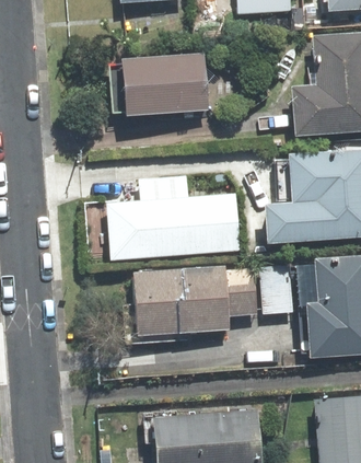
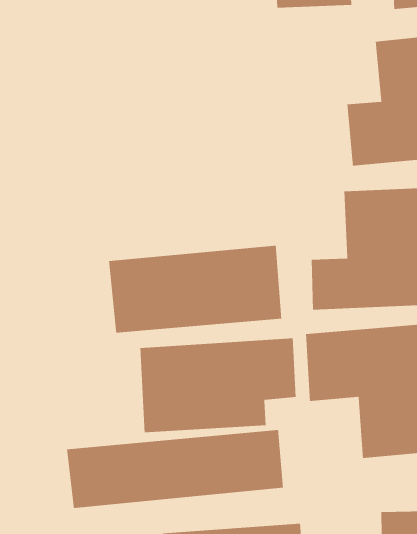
building: [119,56,206,116] -> none
building: none -> [66,429,284,509]

